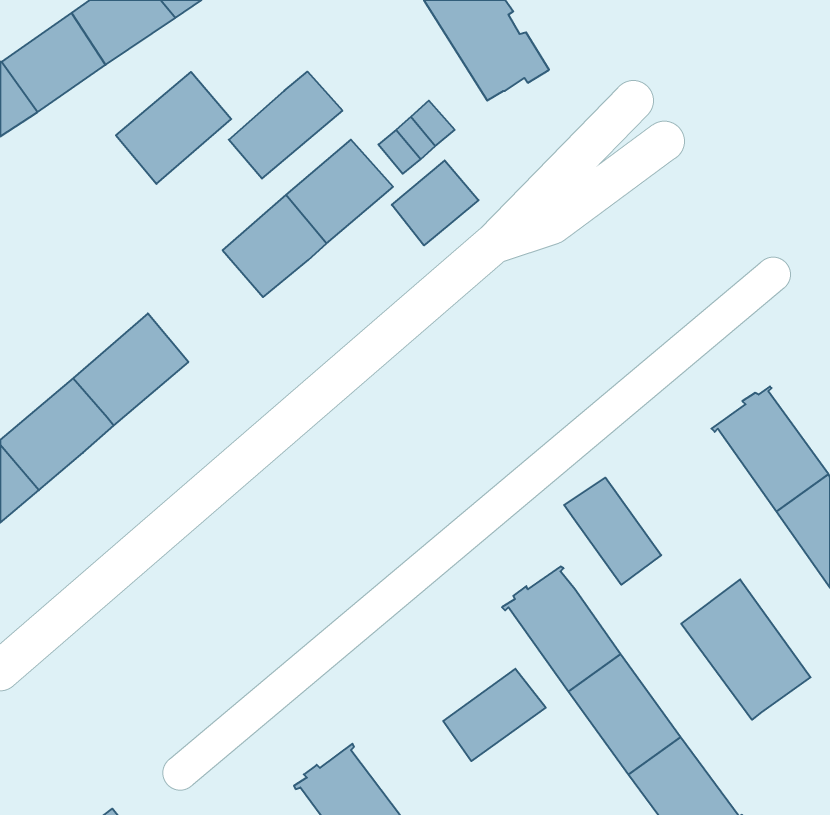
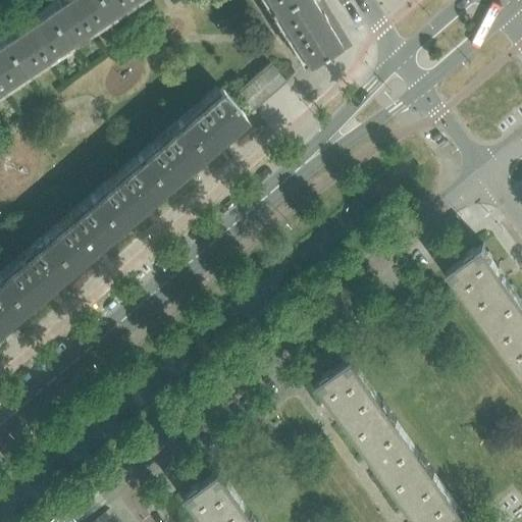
building: [229,72,342,179] -> none
building: [116,72,231,184] -> [93,166,165,237]
building: [392,160,479,245] -> none
building: [564,478,661,585] -> none
building: [681,579,811,720] -> none
building: [443,669,546,761] -> none

